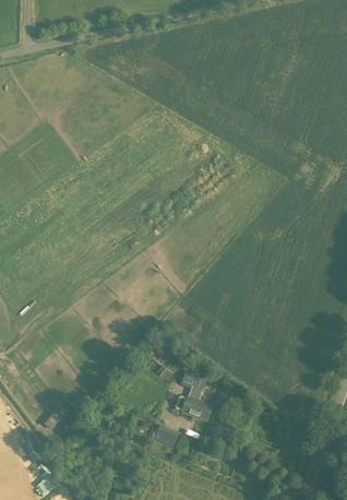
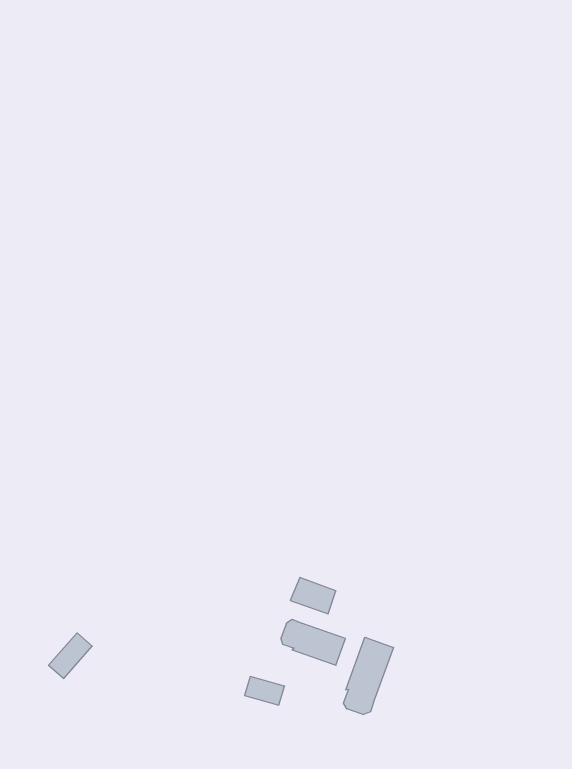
building: none -> [344,637,393,715]

